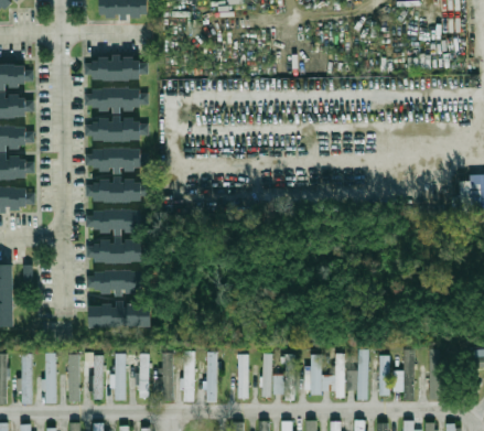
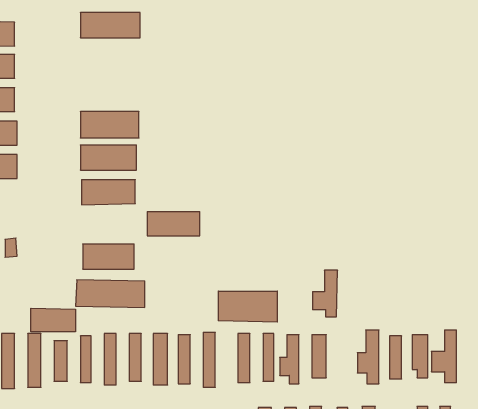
building: [92,88,148,111] -> none
building: [92,119,149,141] -> none
building: [94,239,142,261] -> [147,212,200,236]
building: none -> [218,291,277,322]
building: none -> [31,308,75,332]
building: [321,354,344,397] -> [313,270,338,317]

